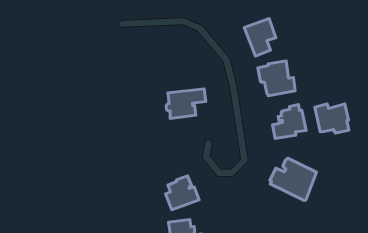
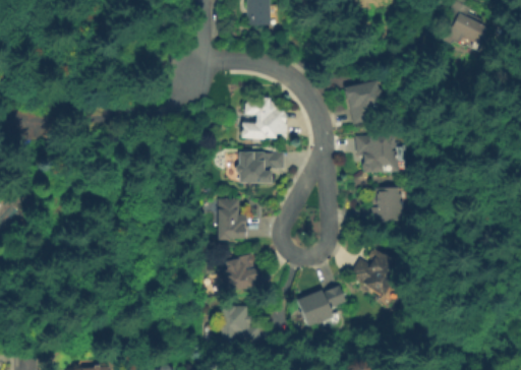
building: none -> [240,95,287,137]
building: [315,104,349,133] -> none
building: none -> [219,200,247,241]
building: none -> [296,283,344,325]

